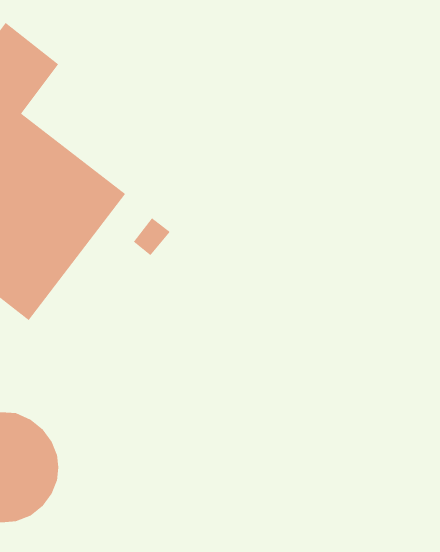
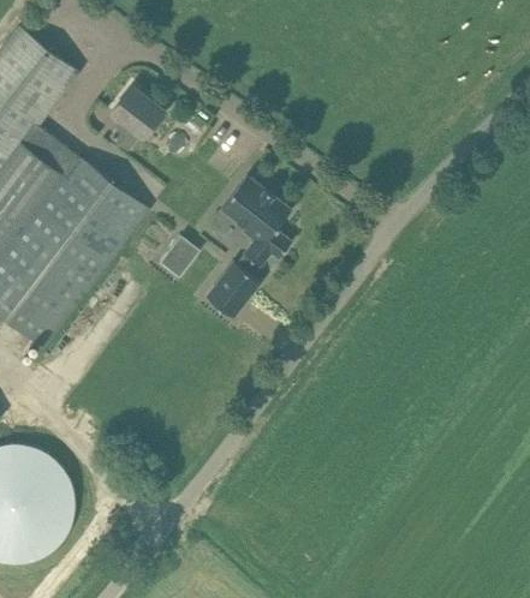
building: none -> [107,85,166,151]
building: none -> [206,177,290,319]

